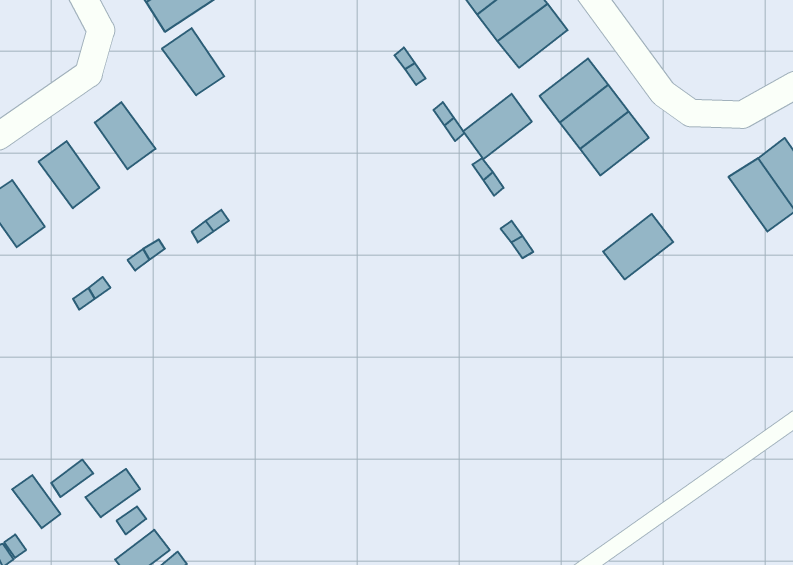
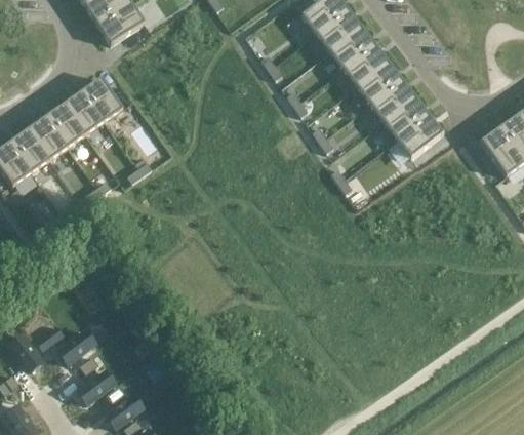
building: [162,28,224,95] -> [81,76,122,120]
building: [463,94,532,159] -> [342,42,388,85]
building: none -> [45,103,85,146]
building: none -> [9,128,49,171]
building: [603,214,673,279] -> [396,113,442,156]

